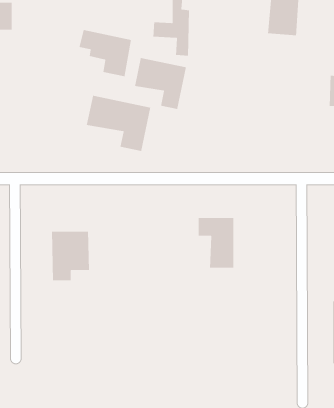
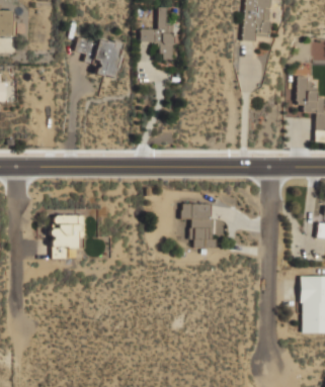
building: [134,57,187,110] -> none
building: [86,95,151,152] -> none

